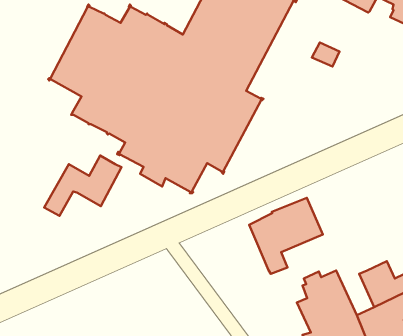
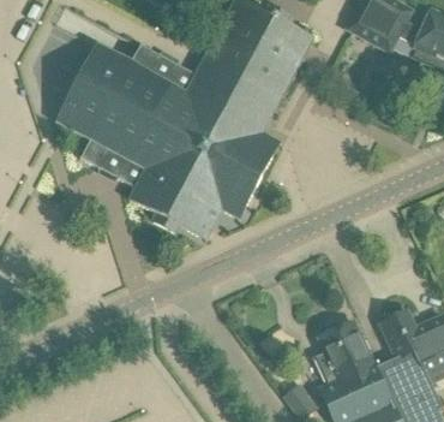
building: [44,156,122,216] -> none
building: [249,198,323,274] -> none

